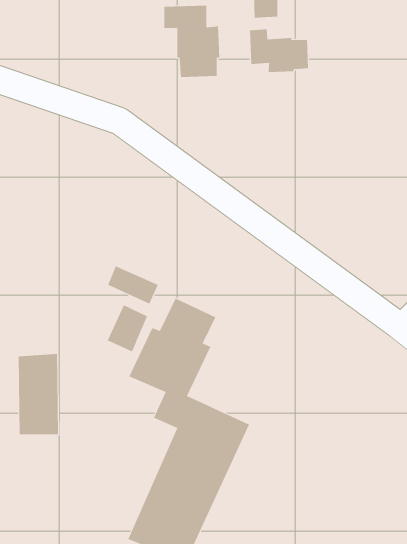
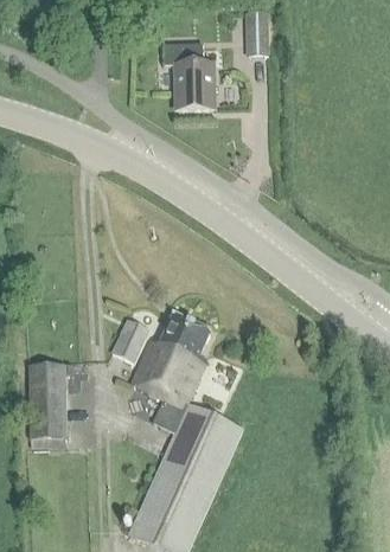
building: [250,29,309,73] -> none
building: [108,266,159,305] -> none

